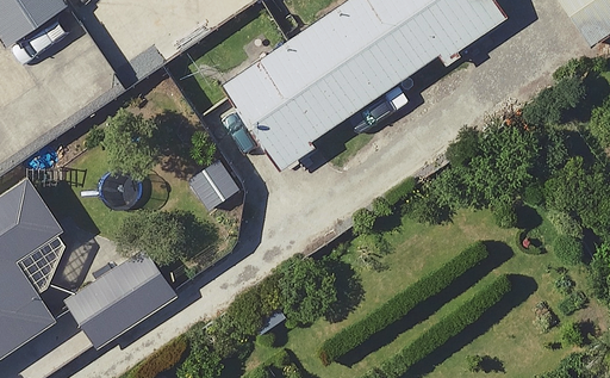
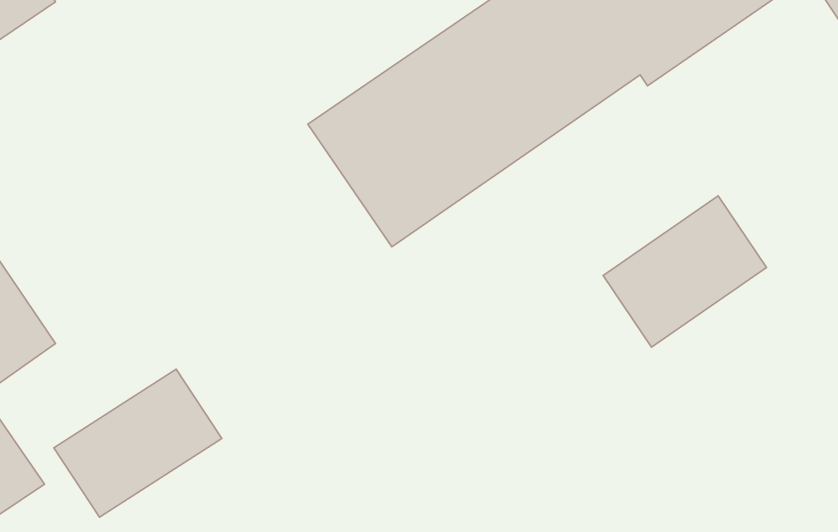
building: none -> [603,196,767,347]

